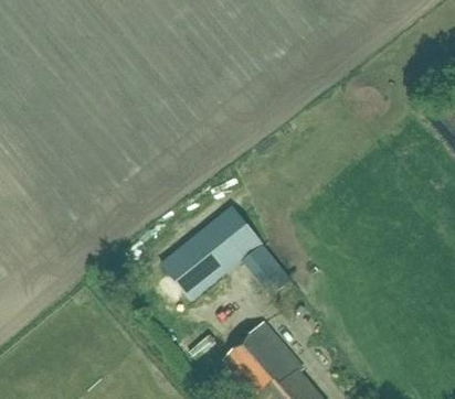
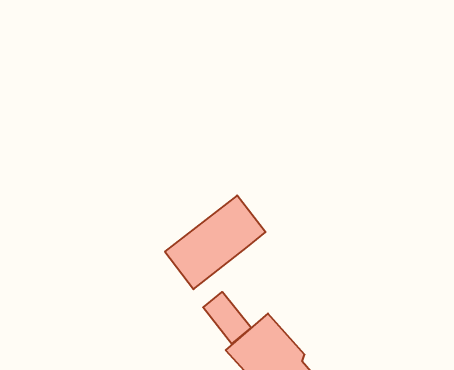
building: [243,244,289,293] -> [203,292,251,344]

